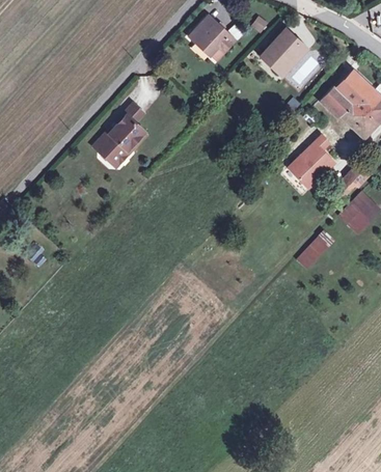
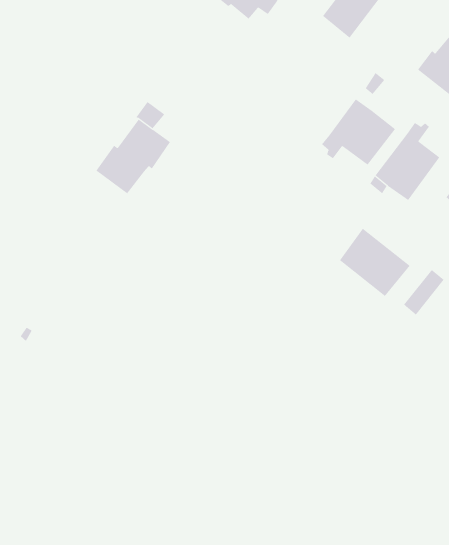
building: none -> [321,99,396,166]
building: none -> [339,228,410,297]

